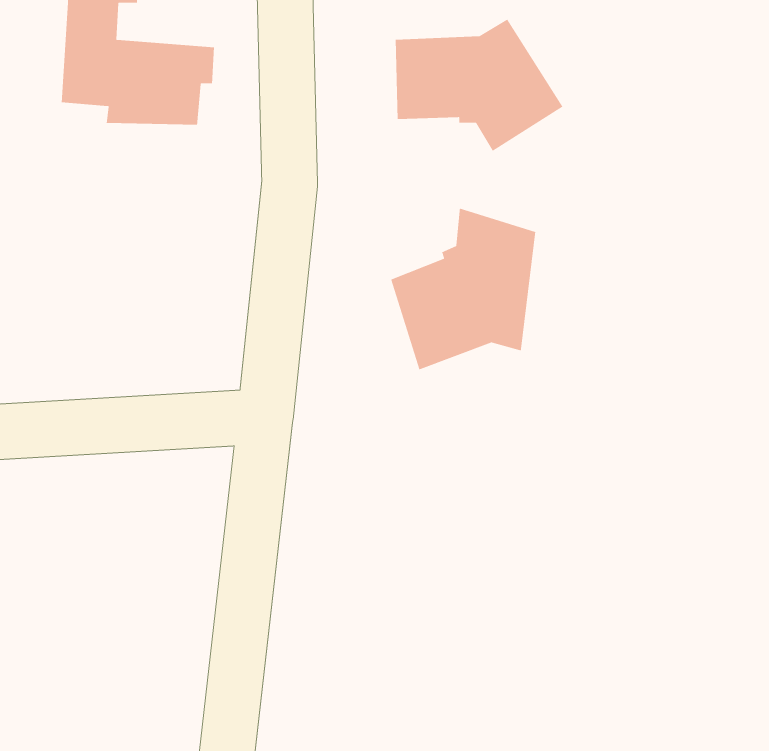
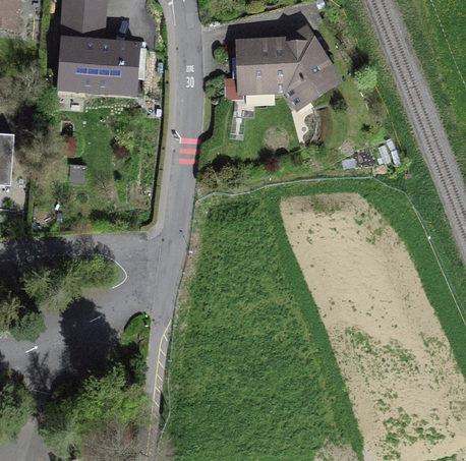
building: [390,208,536,370] -> none

